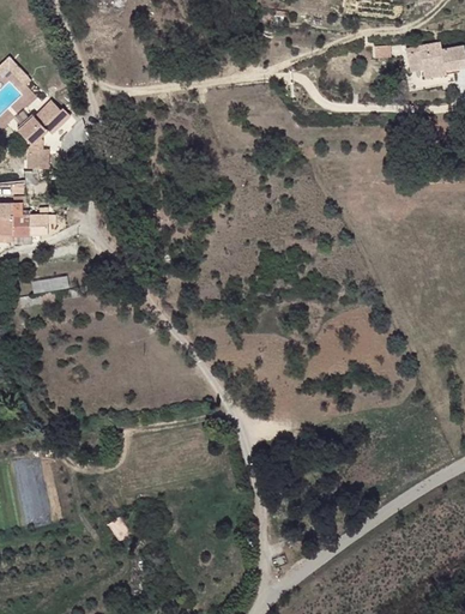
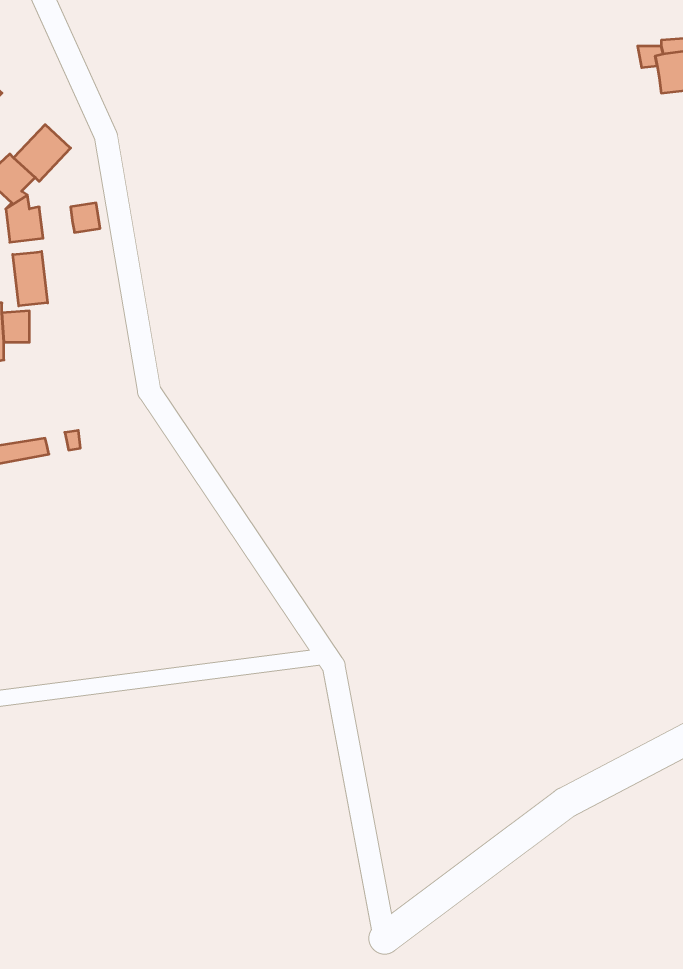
building: none -> [13,251,48,306]

